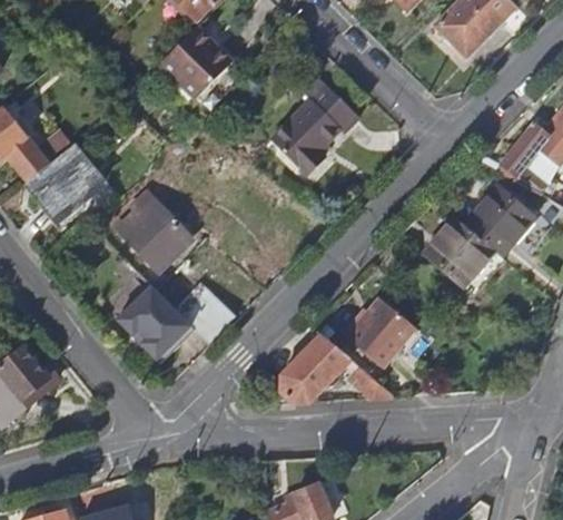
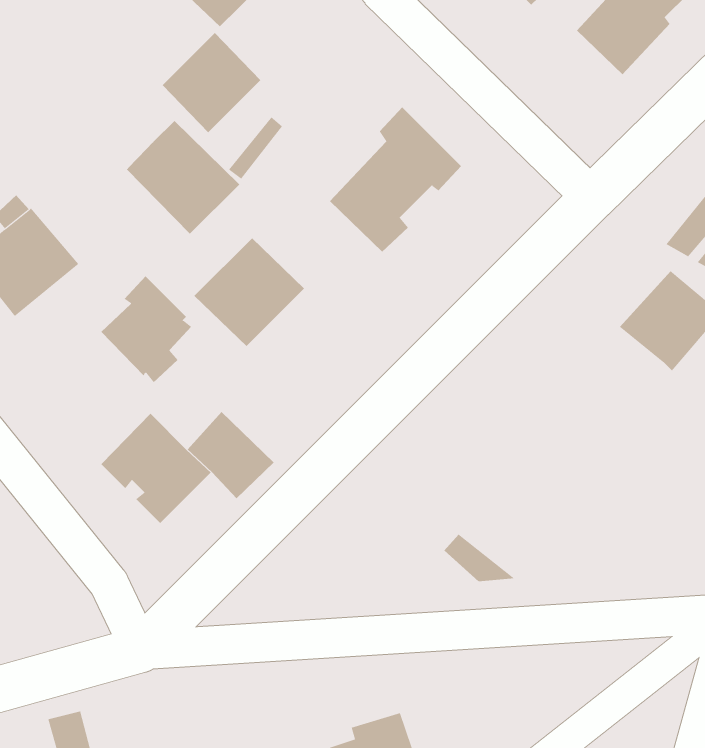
building: none -> [126,120,240,235]
building: none -> [194,237,305,347]
building: [426,217,496,287] -> none
building: [335,288,404,357] -> none
building: [282,335,352,402] -> none

